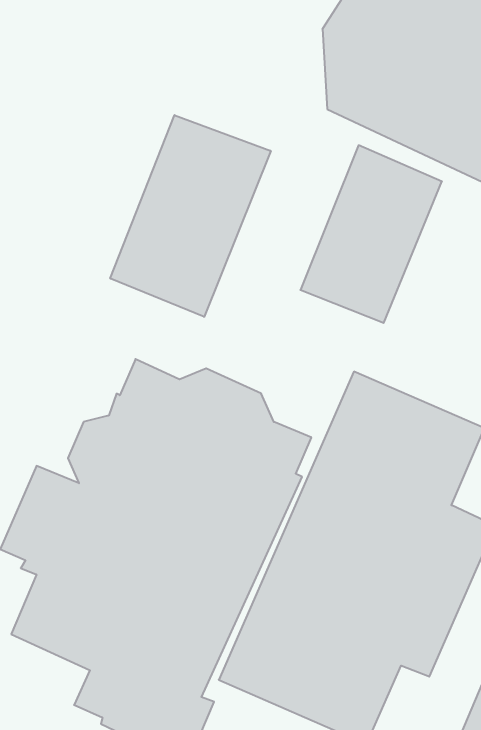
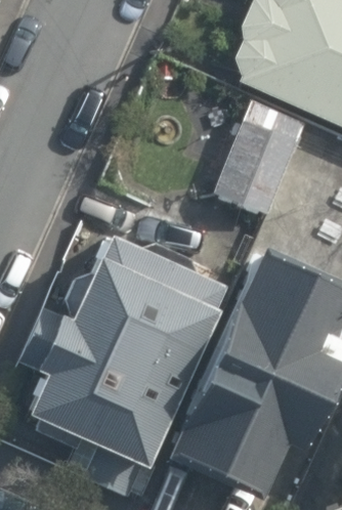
building: [110,115,271,317] -> none

